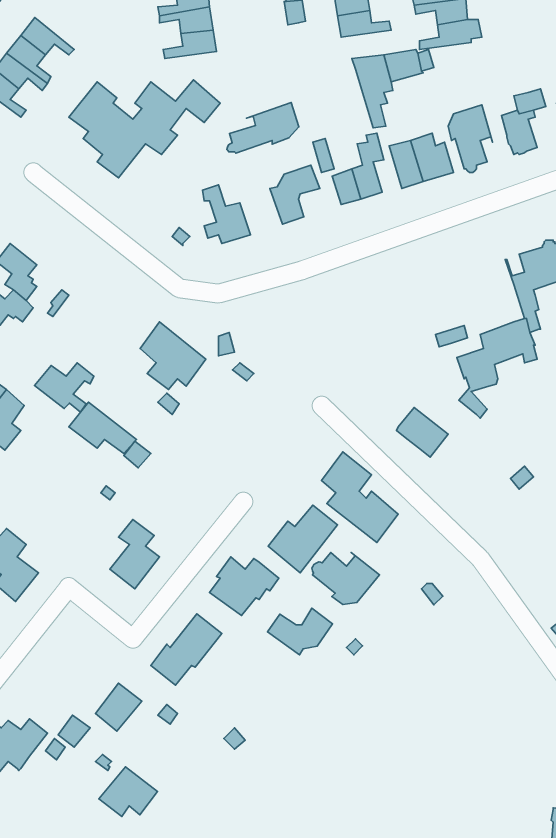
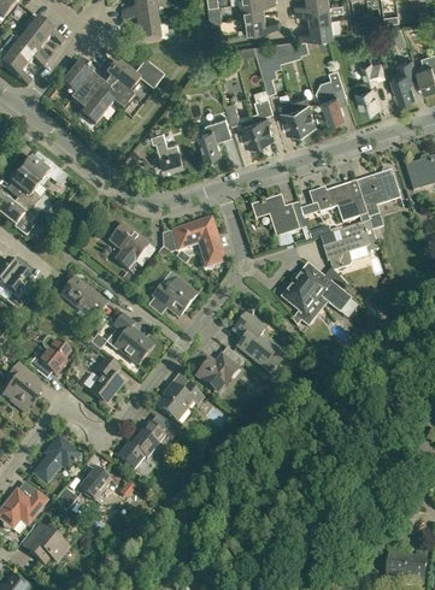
building: [227,103,299,153] -> none
building: none -> [22,155,63,183]
building: none -> [310,179,370,222]
building: none -> [252,194,300,236]
building: none -> [172,217,224,264]
building: [34,363,94,412] -> none
building: none -> [295,266,352,311]
building: none -> [152,276,198,315]
building: none -> [112,313,152,362]
building: none -> [39,335,70,372]
building: [312,552,380,605] -> none
building: [267,608,333,655] -> none
building: none -> [34,435,81,482]
building: [99,767,158,817] -> [29,529,69,562]

